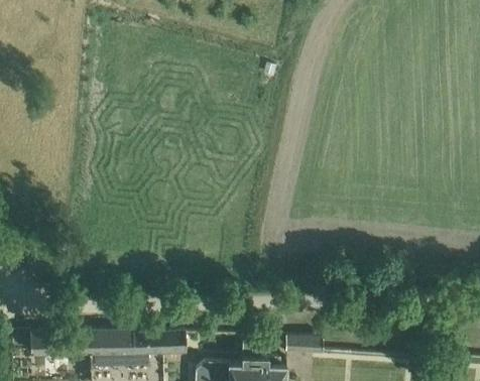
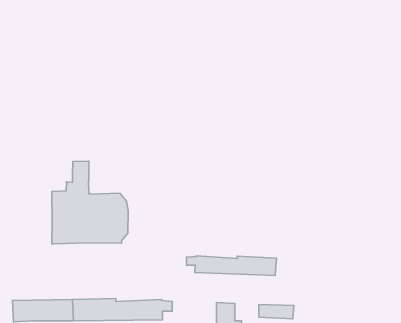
building: none -> [52,161,128,244]
building: none -> [186,256,276,275]

